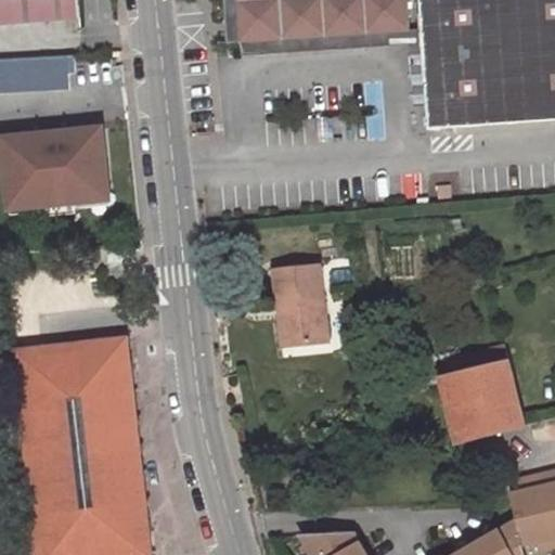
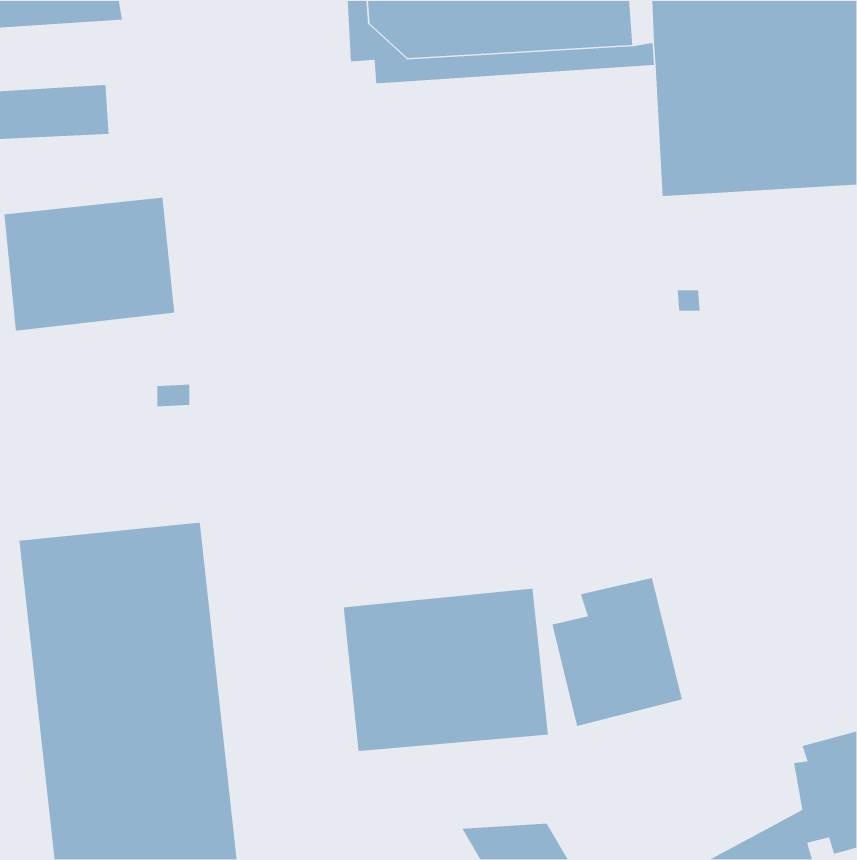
building: [270,263,321,343] -> none
building: [440,346,525,442] -> [551,577,683,727]
building: none -> [343,588,549,752]

